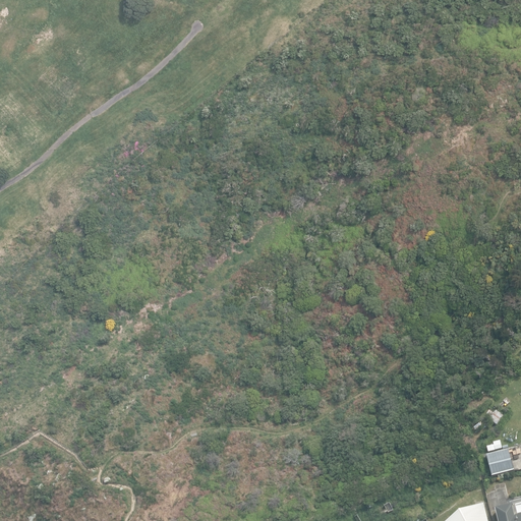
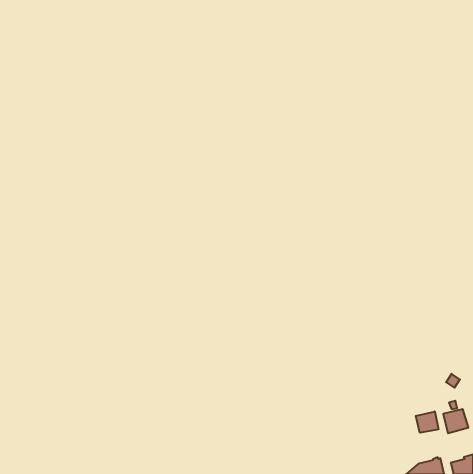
building: none -> [416,411,438,433]

